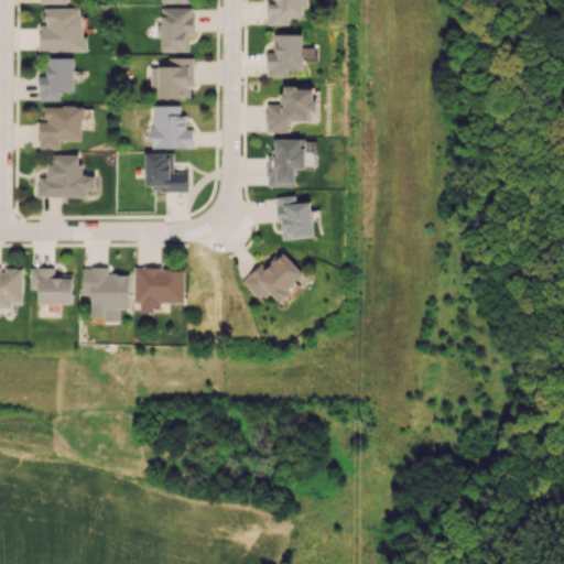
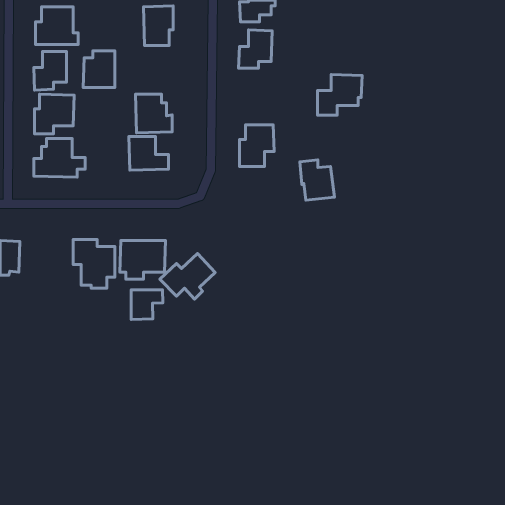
building: [158,58,193,99] -> [83,51,115,88]
building: [267,87,316,132] -> [317,75,362,115]
building: [276,195,315,240] -> [300,160,335,200]
building: [242,253,304,304] -> [160,254,215,299]
building: [31,268,74,304] -> none
building: none -> [131,290,163,320]

